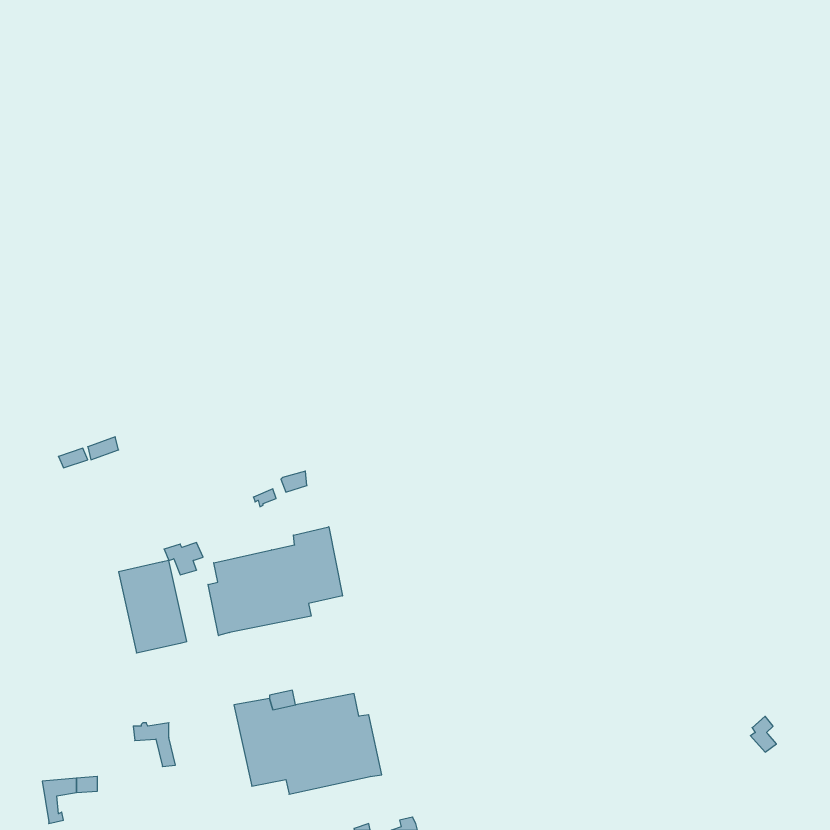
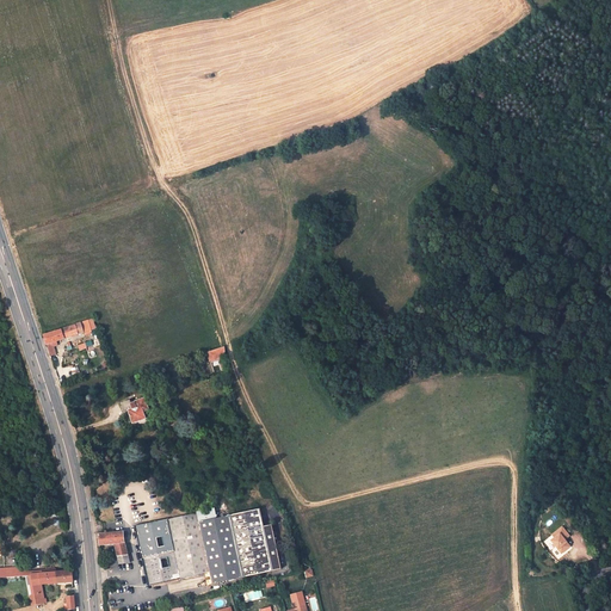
building: [208,527,342,636] -> none
building: [119,560,187,653] -> [135,518,185,586]

